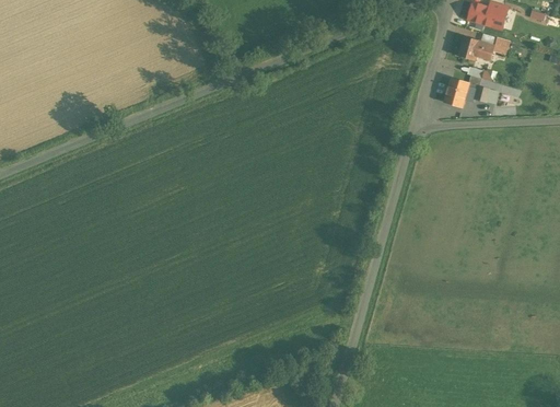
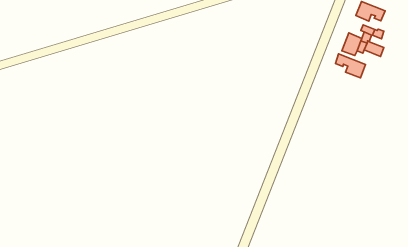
building: none -> [336,54,365,78]

